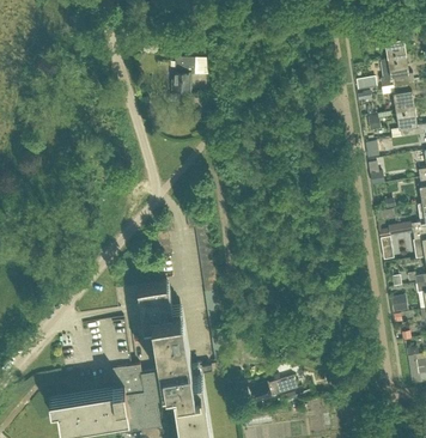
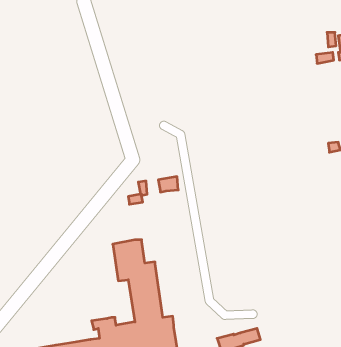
building: [172,57,195,91] -> none

